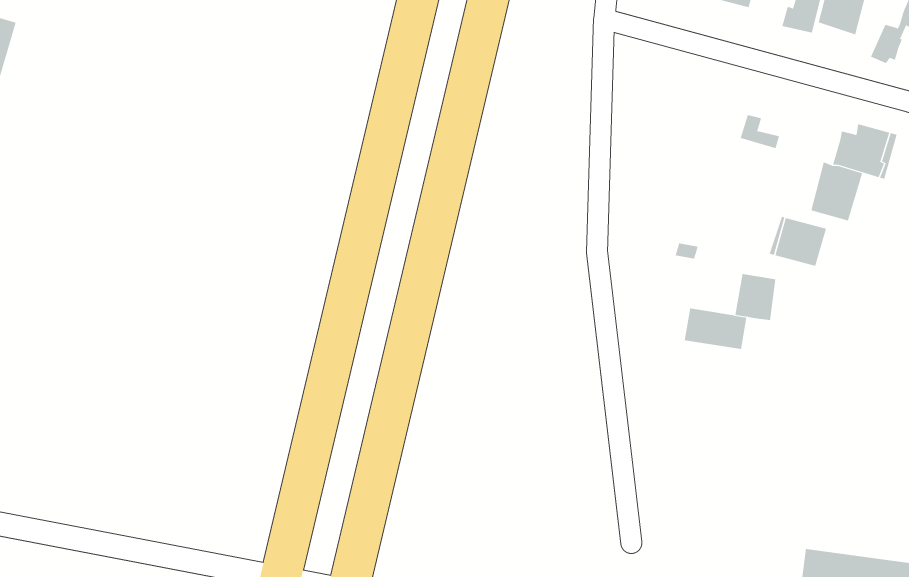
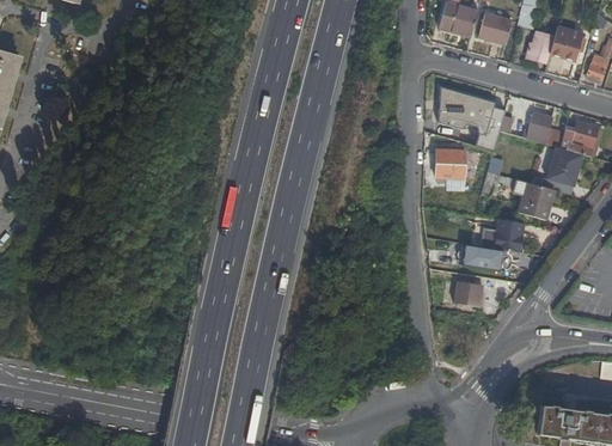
building: none -> [437,87,495,136]
building: none -> [525,112,564,148]
building: none -> [435,149,464,179]
building: none -> [453,280,485,306]

